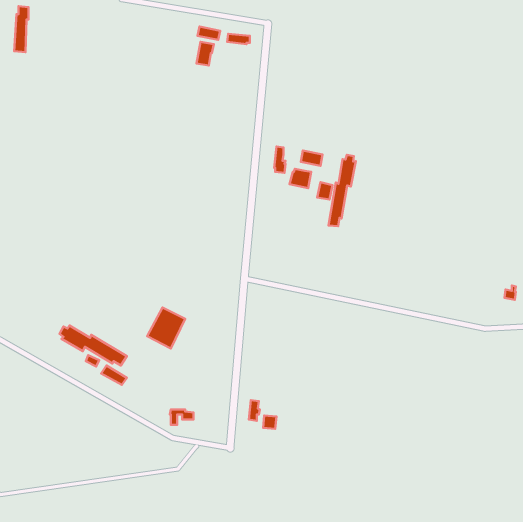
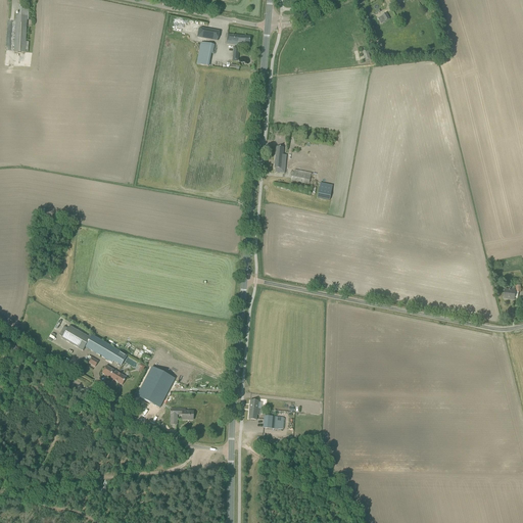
building: [329,155,356,226] -> none
building: [147,307,185,348] -> [136,367,174,408]

